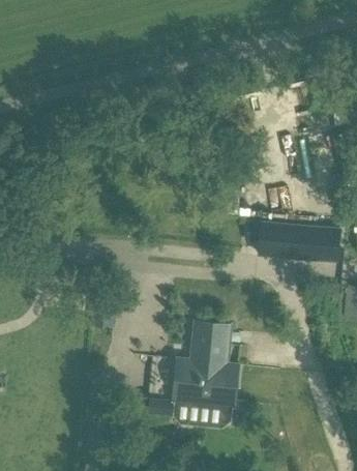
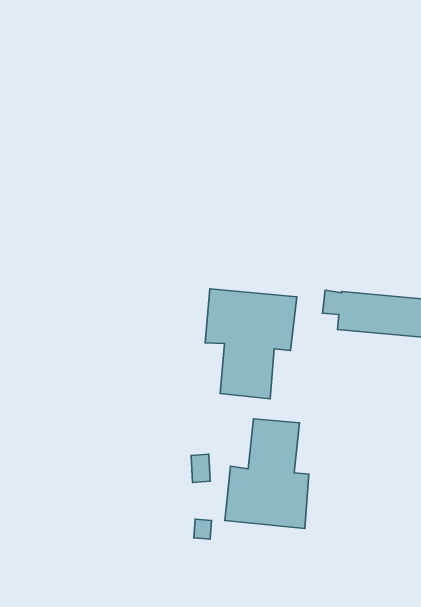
building: none -> [205,289,297,399]

